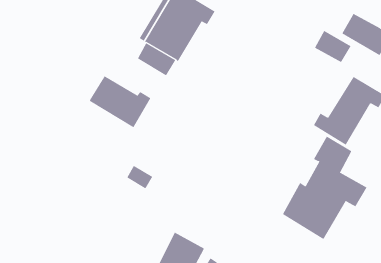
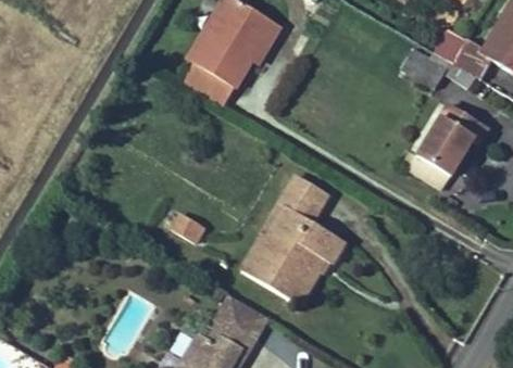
building: [89,75,151,128] -> none
building: [282,136,367,240] -> [242,175,347,302]

